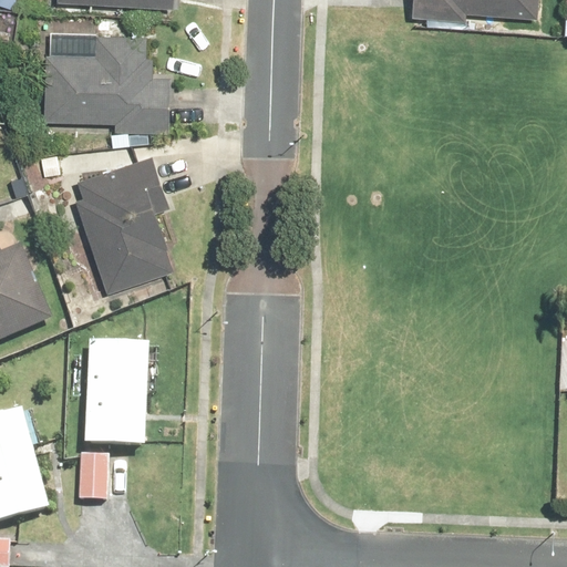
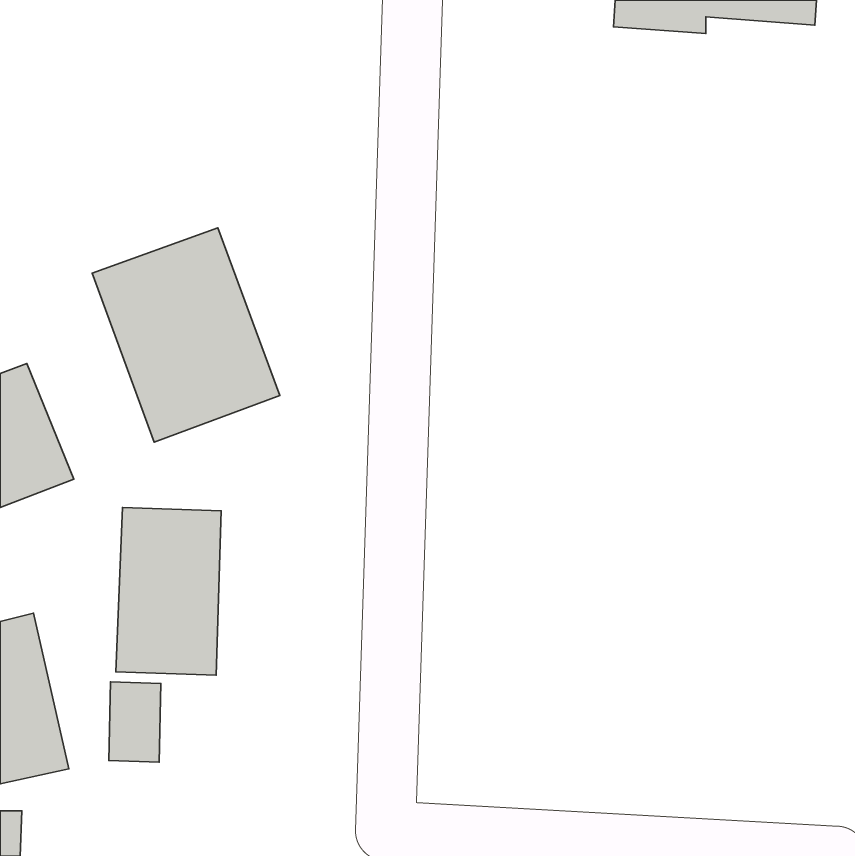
building: [42,31,171,130] -> none

